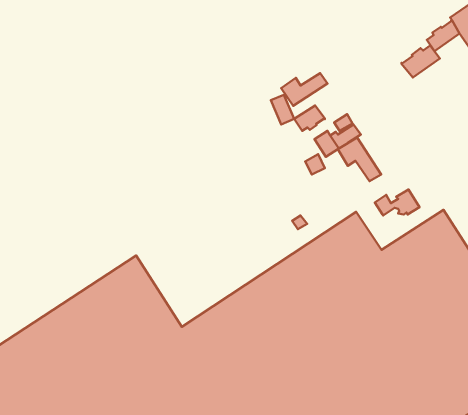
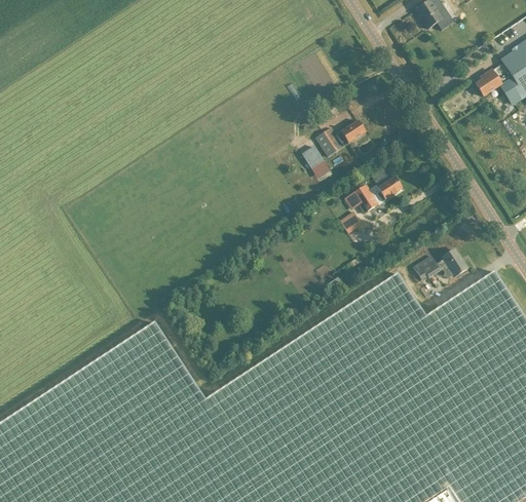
building: [401,46,440,78] -> none
building: [294,105,325,131] -> none
building: [338,138,381,181] -> none

